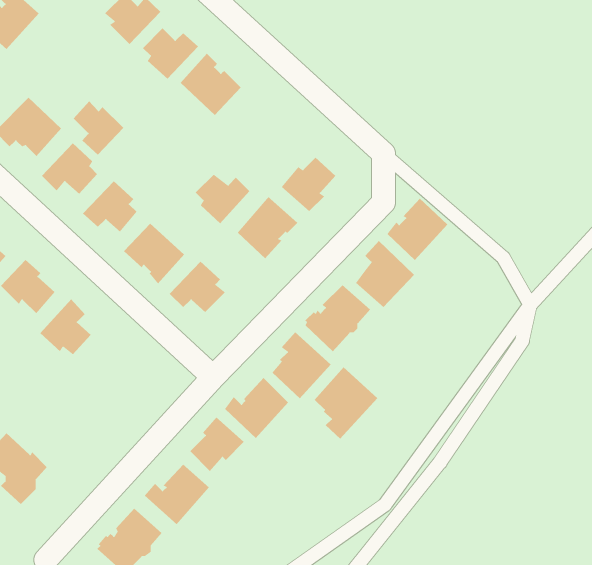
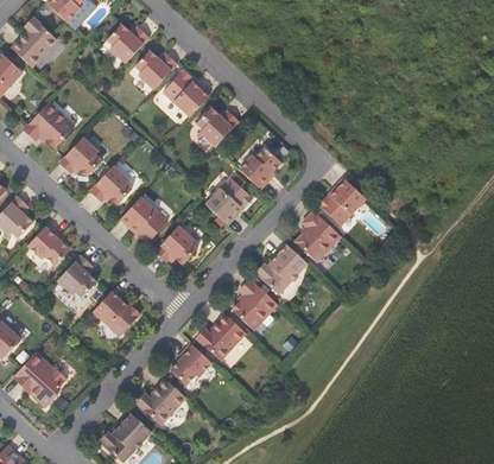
building: [73,101,124,155] -> none
building: [195,174,250,224] -> [196,108,238,146]
building: none -> [93,290,139,336]
building: [314,367,378,440] -> none

